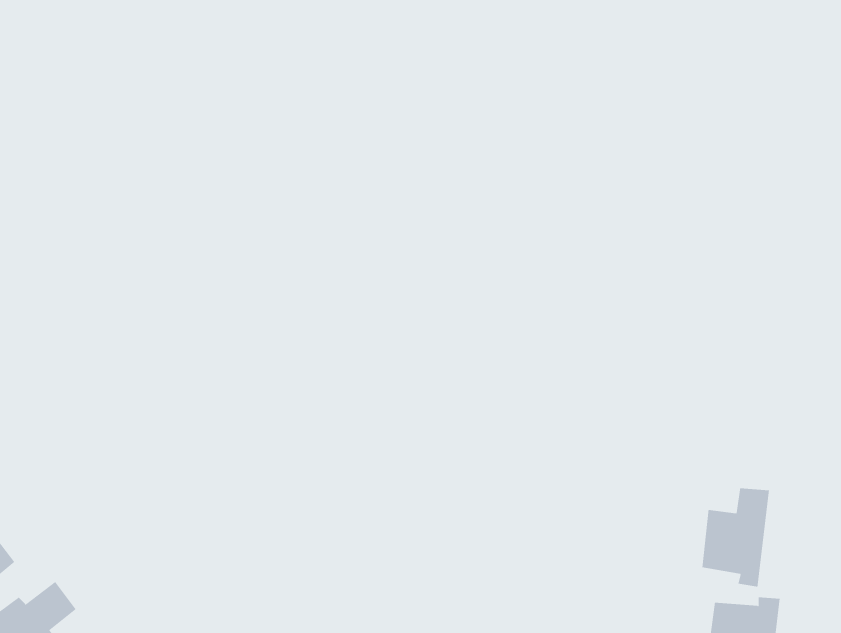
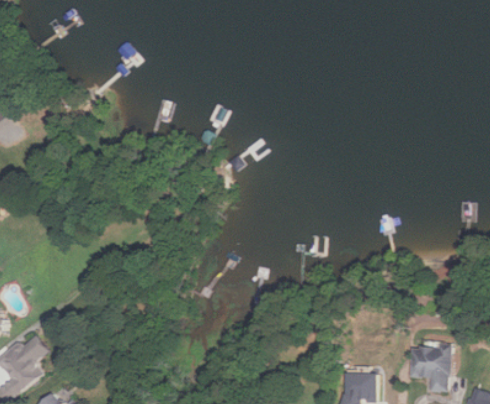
building: [702,488,770,588] -> none

